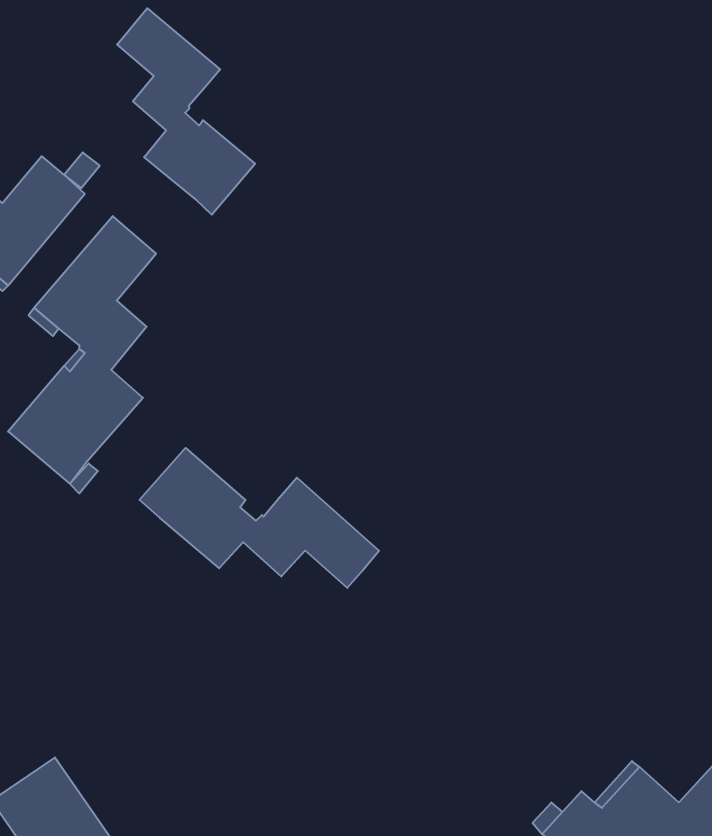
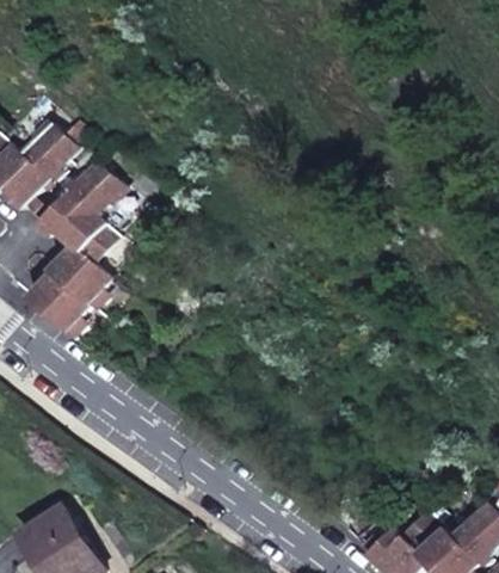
building: [117,8,255,215] -> none
building: [140,448,379,588] -> none

